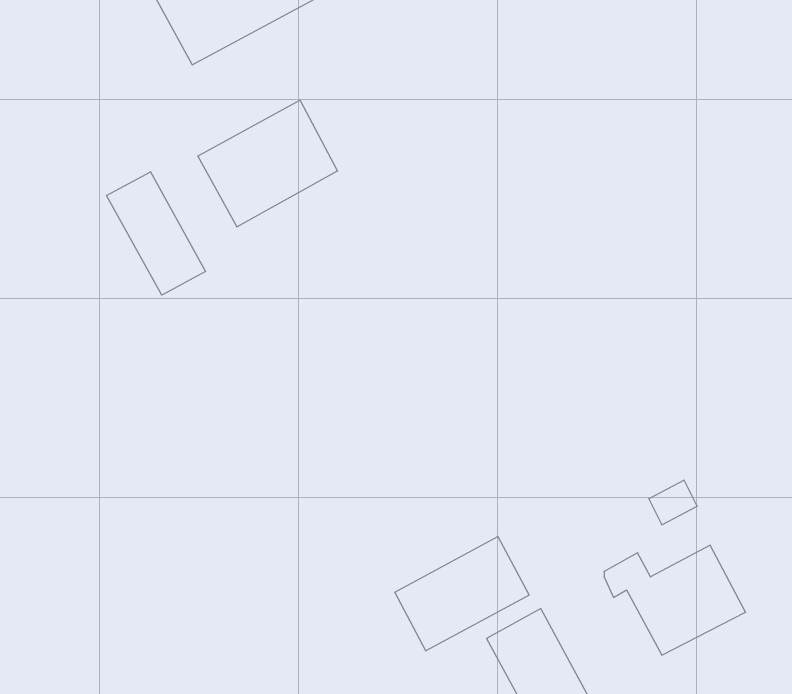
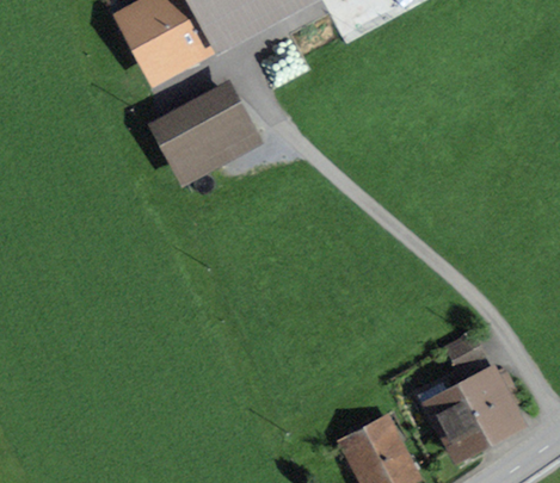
building: [107,172,206,295] -> none
building: [395,536,529,651] -> none

